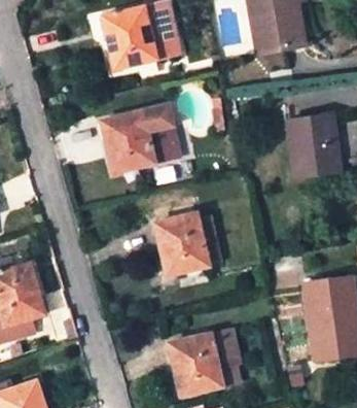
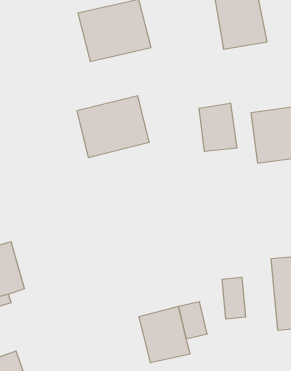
building: none -> [199,103,237,152]
building: [154,213,221,274] -> none
building: none -> [222,277,246,319]

